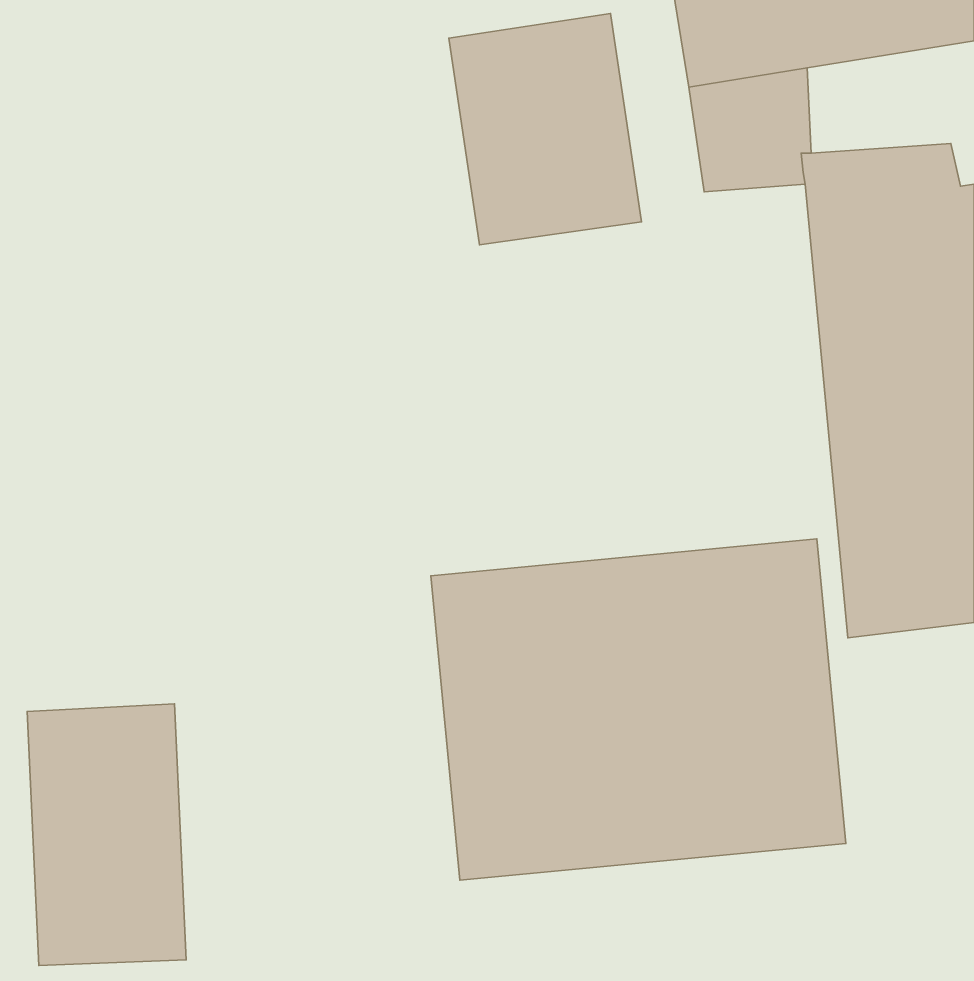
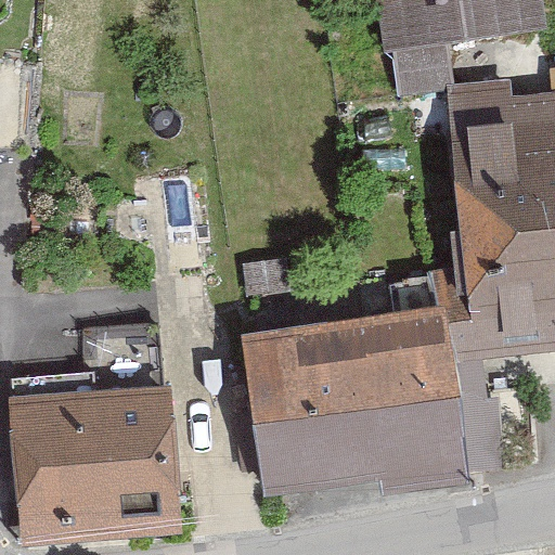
building: [449,13,641,245] -> none
building: none -> [98,390,190,537]

